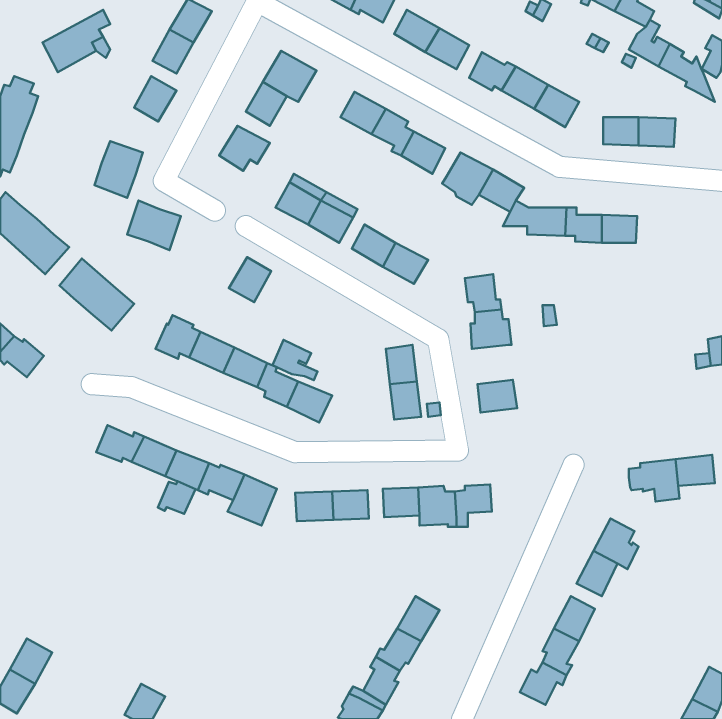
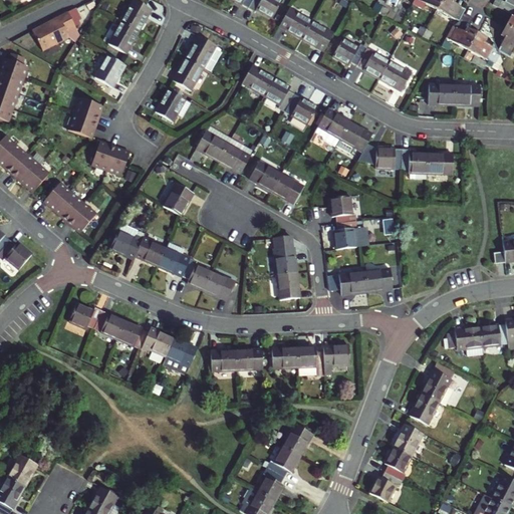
building: [272,340,317,380] -> none
building: none -> [364,267,393,290]
building: [158,481,195,514] -> none

